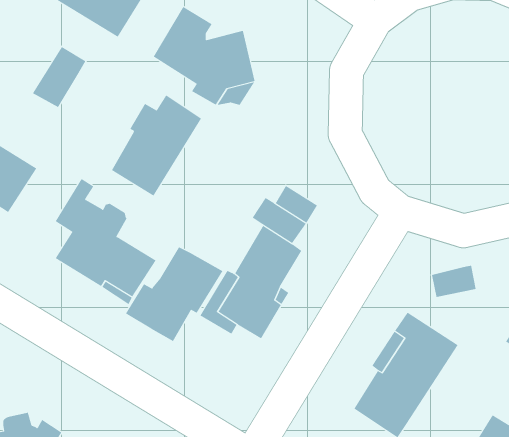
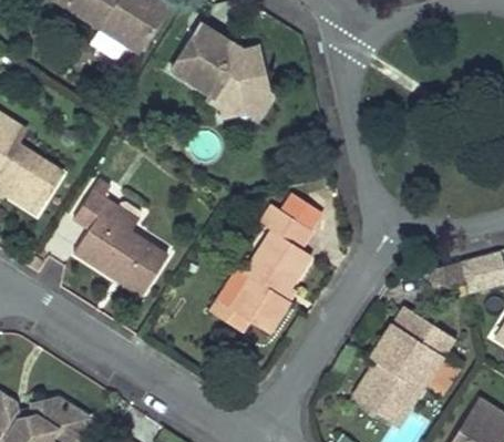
building: [32,46,86,108] -> none
building: [111,95,202,196] -> none
building: [125,246,223,342] -> none

